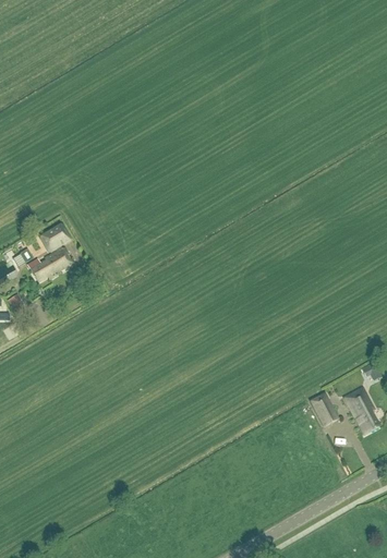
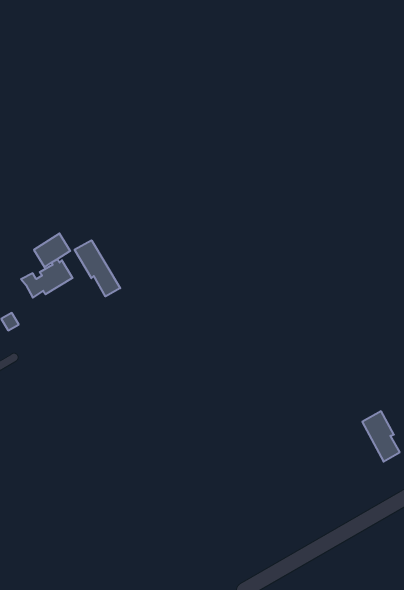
building: none -> [75,240,120,296]
building: [309,391,339,426] -> none

